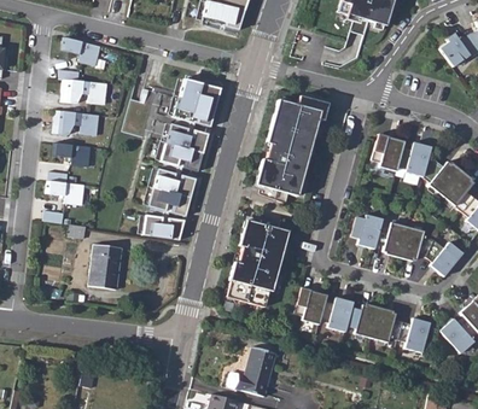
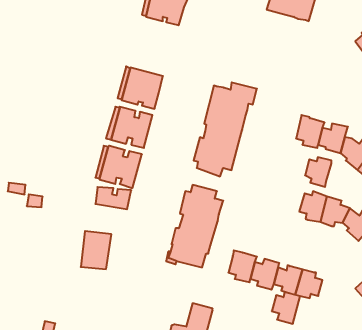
building: [63,36,101,66] -> none
building: [60,70,109,105] -> none
building: [53,110,100,135] -> none
building: [53,142,92,166] -> none
building: [47,171,86,205] -> none
building: [352,215,383,249] -> [305,157,331,187]
building: [89,245,124,288] -> [81,231,111,269]
building: [398,317,431,354] -> [272,292,300,324]

